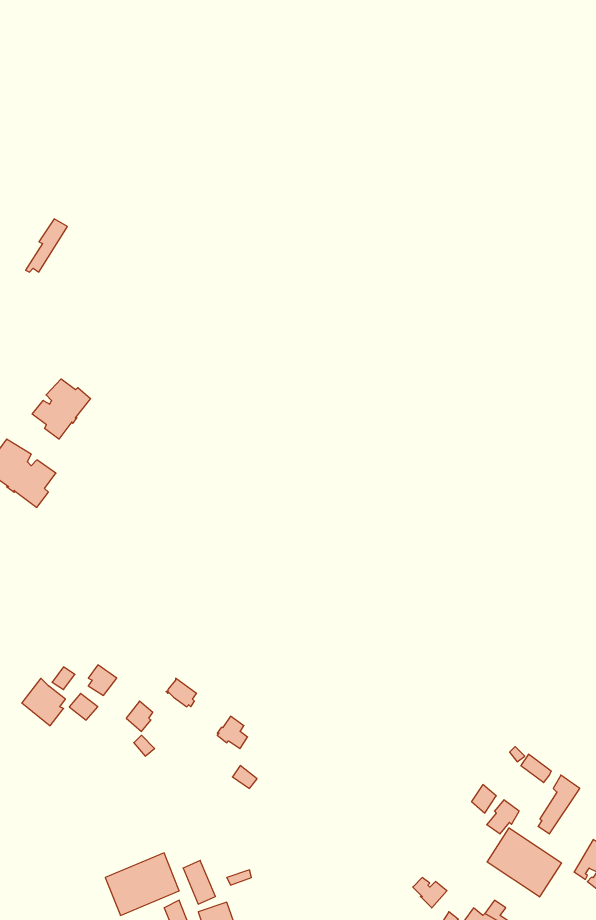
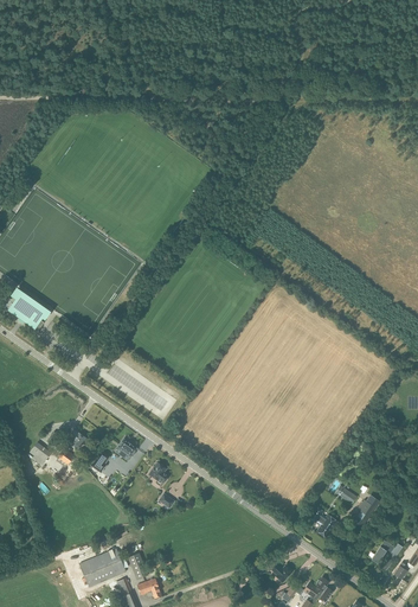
building: [32,379,91,439] -> none
building: [487,828,561,897] -> none

